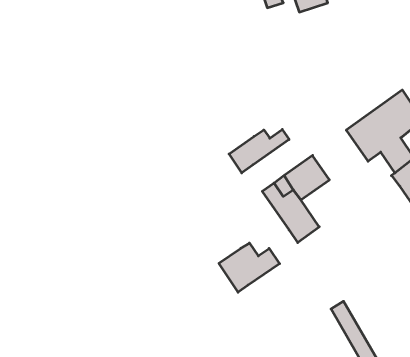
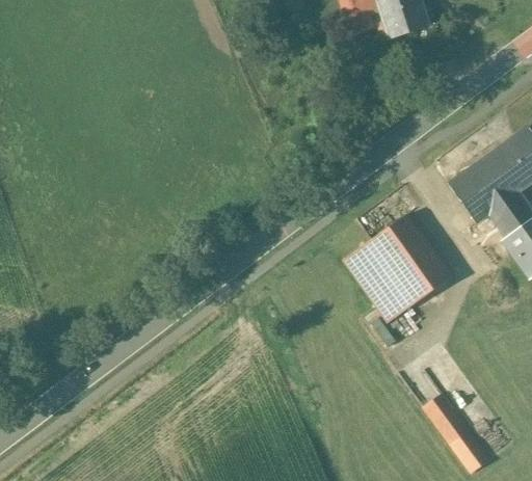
building: [229,129,289,173] -> none
building: none -> [392,244,451,302]
building: [219,243,280,292] -> none

